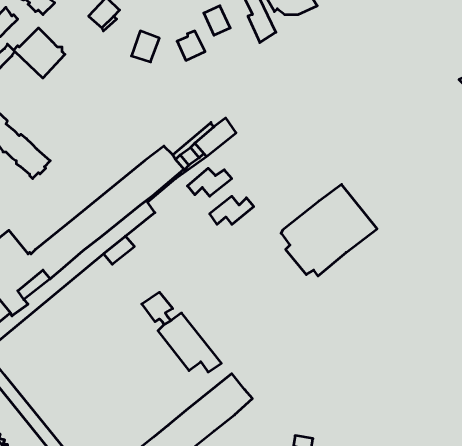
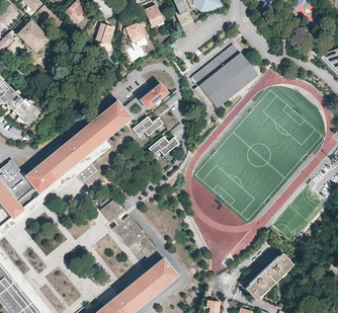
building: [281,184,377,276] -> [191,45,257,107]
building: none -> [245,252,292,299]

